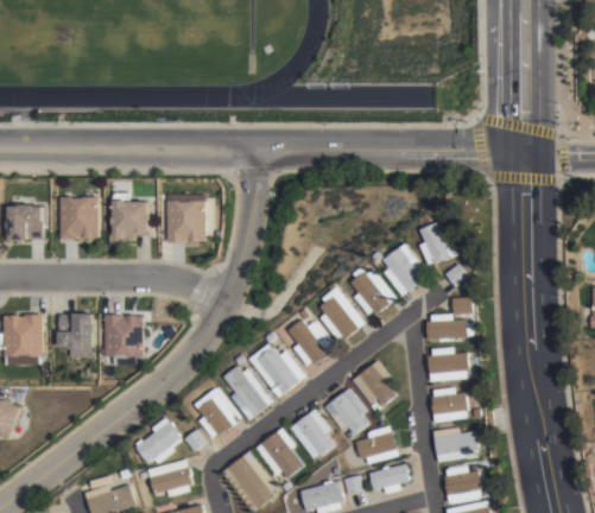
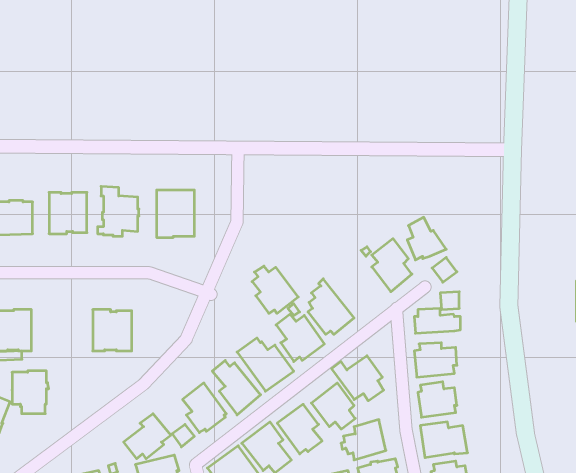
building: [350,266,397,314] -> [252,266,298,313]
building: [58,312,95,355] -> [12,371,49,414]

